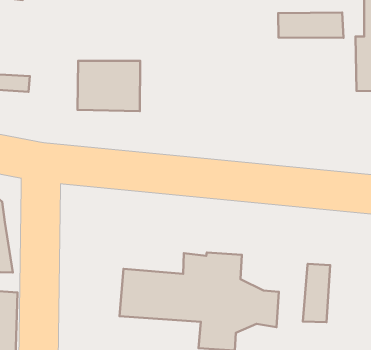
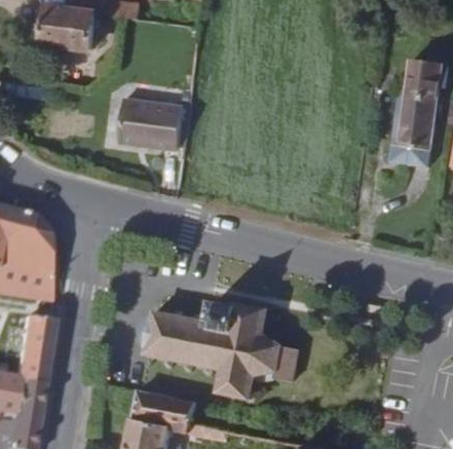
building: [278,12,343,38] -> none
building: [303,264,330,322] -> none

